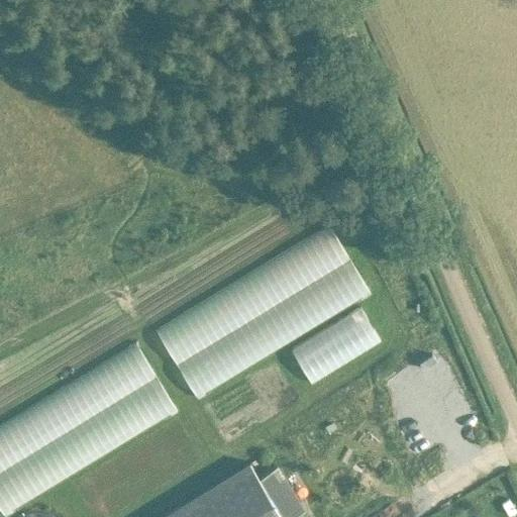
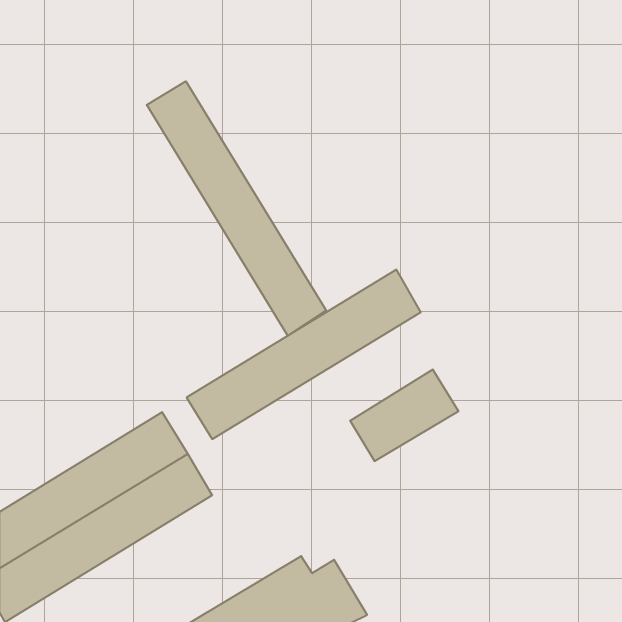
building: none -> [147,81,326,336]
building: [176,260,369,399] -> none

